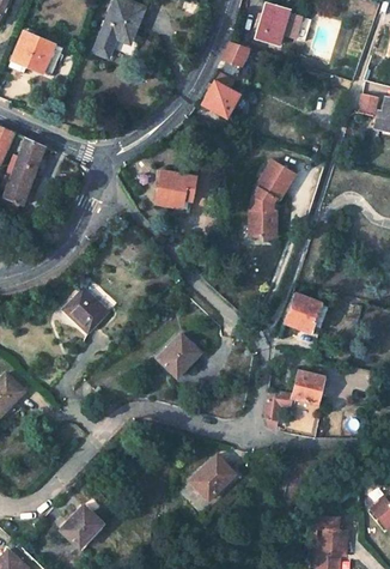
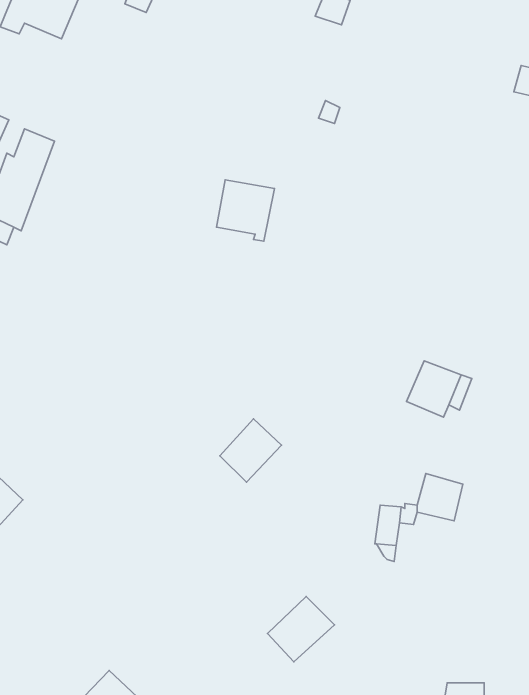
building: [202,69,238,117] -> none
building: [248,162,294,238] -> none
building: [63,287,109,333] -> none

